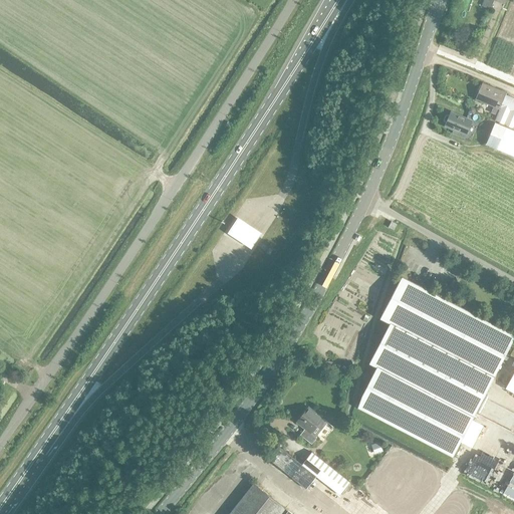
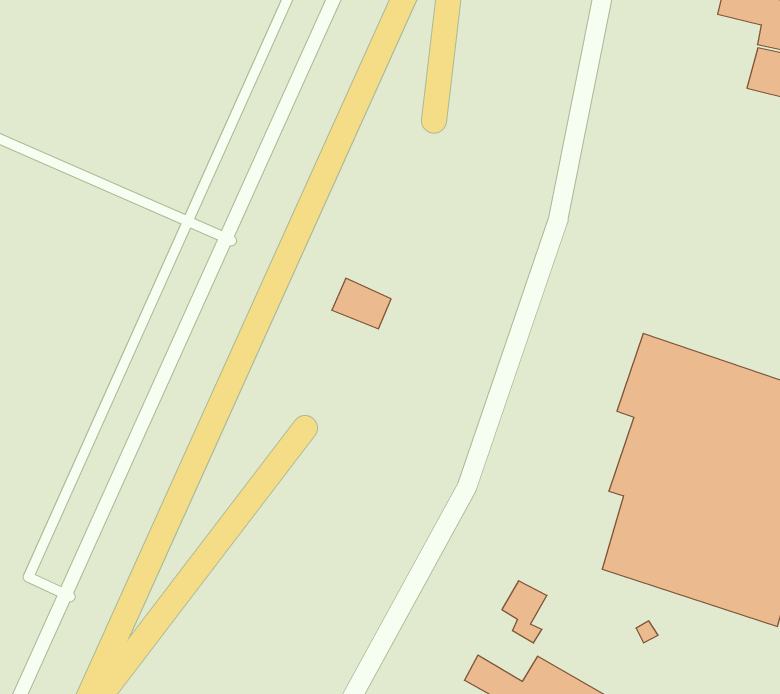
building: [445,113,473,139] -> none

